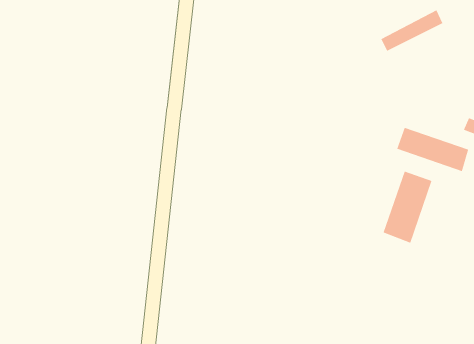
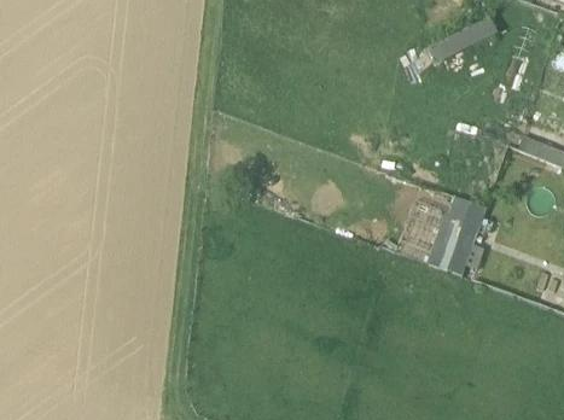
building: [396,127,469,172] -> none

